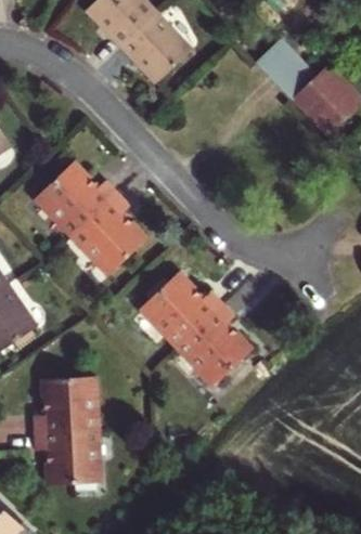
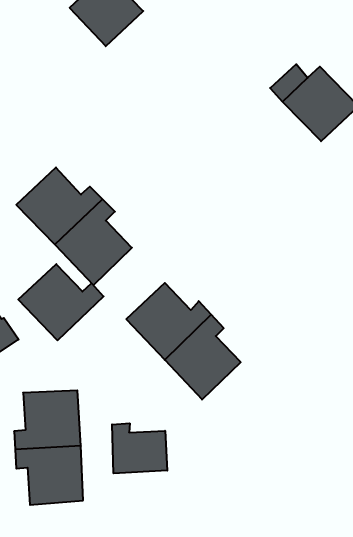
building: [120,13,191,83] -> none
building: [255,40,302,87] -> none
building: none -> [18,264,104,340]
building: none -> [112,423,167,473]

